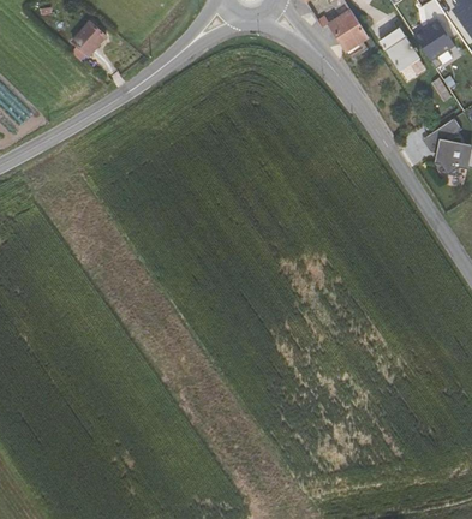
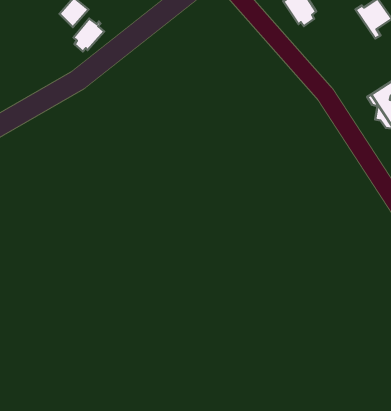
building: [380,29,419,72] -> none
building: none -> [74,19,104,52]

